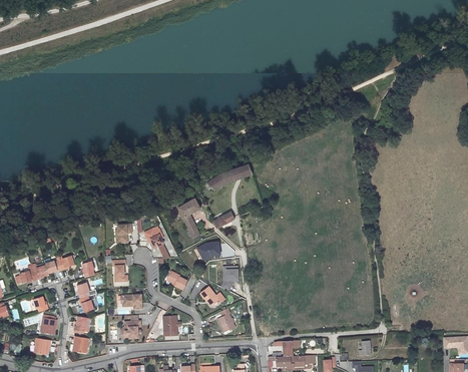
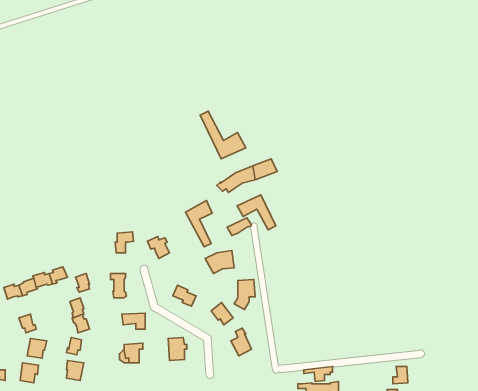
building: none -> [200,111,246,159]
building: none -> [237,195,276,230]

